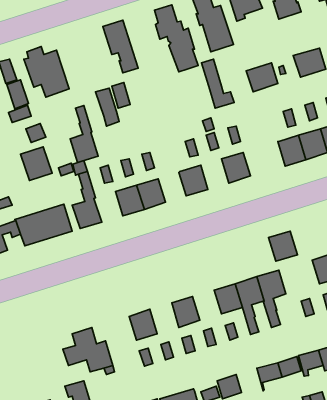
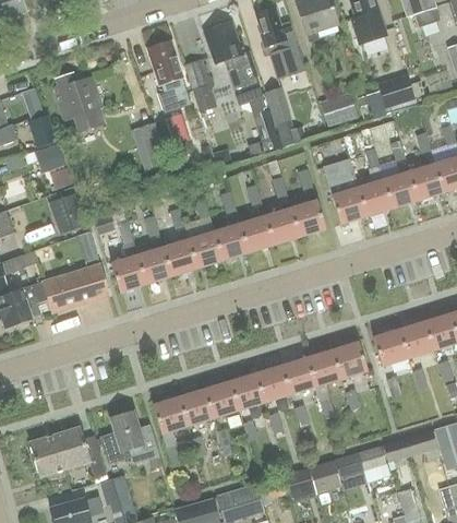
building: none -> [184,58,217,111]
building: none -> [245,92,282,156]
building: [70,105,98,163] -> [214,190,248,259]
building: none -> [322,157,366,223]
building: none -> [265,206,299,243]
building: none -> [136,246,171,283]
building: [269,231,298,261] -> [373,329,408,365]
building: none -> [255,365,290,401]
building: none -> [204,380,239,417]
building: none -> [153,396,188,465]
building: none -> [29,426,107,477]
building: none -> [308,459,340,492]

